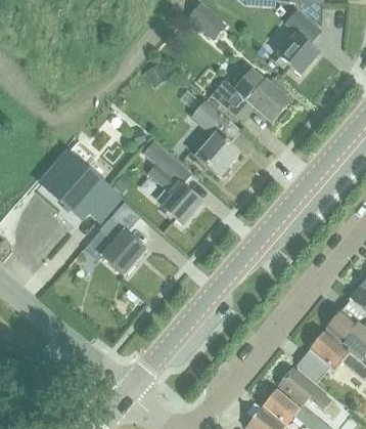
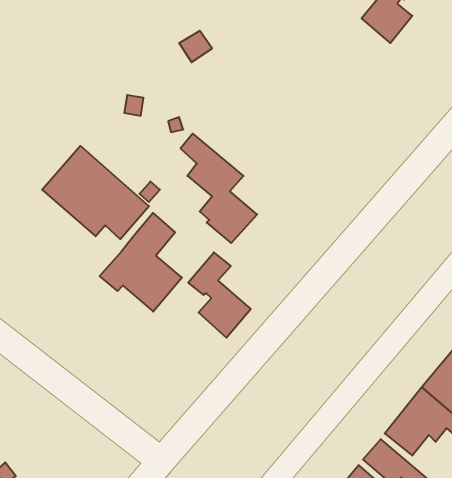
building: [212,71,288,120] -> none
building: [192,100,239,176] -> none
building: none -> [188,252,251,338]

